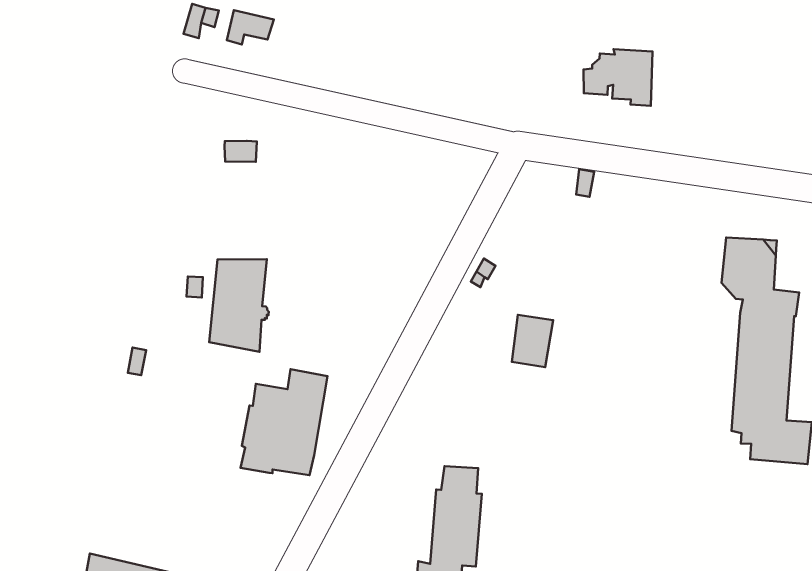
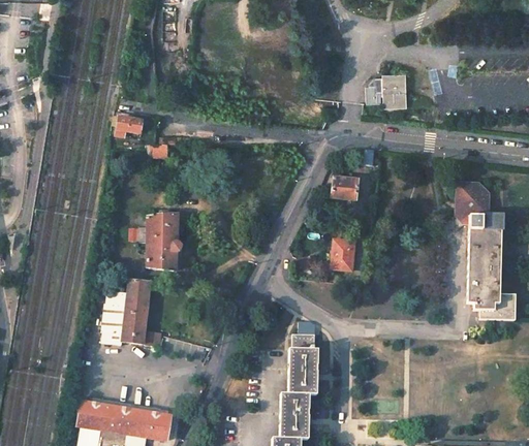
building: [227,10,274,45] -> [115,117,143,137]
building: none -> [331,178,359,200]
building: [241,369,327,475] -> [101,280,151,344]

